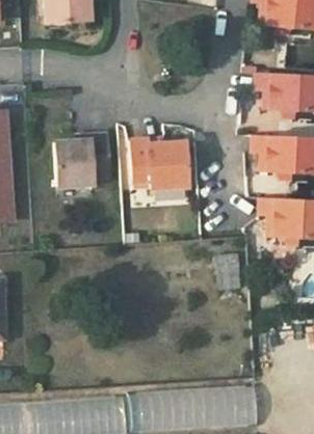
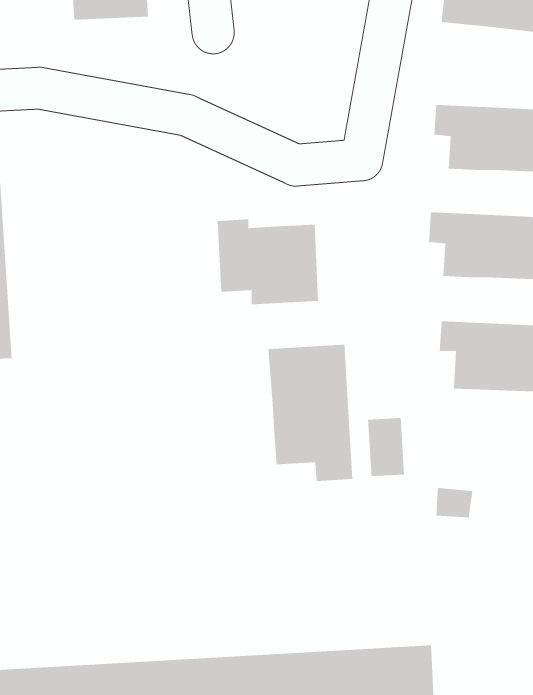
building: [54,134,111,187] -> none
building: none -> [268,344,353,482]

